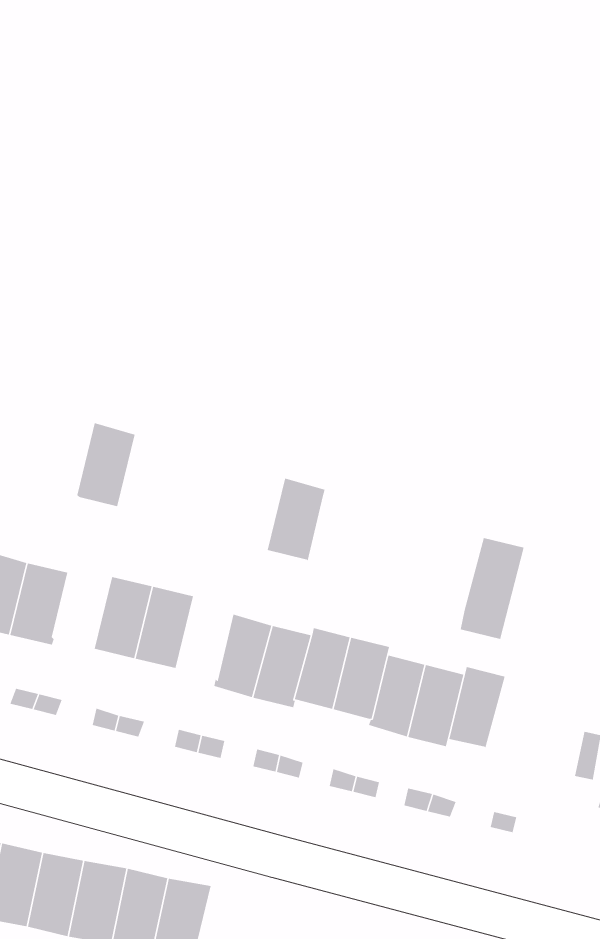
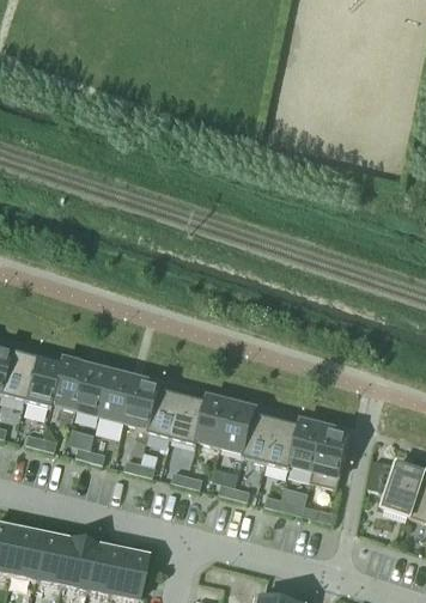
building: [77,423,135,507] -> [51,358,87,409]
building: [267,478,326,562] -> [127,377,163,428]
building: [460,538,524,639] -> [314,426,353,488]

